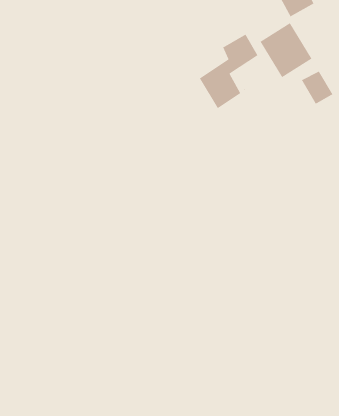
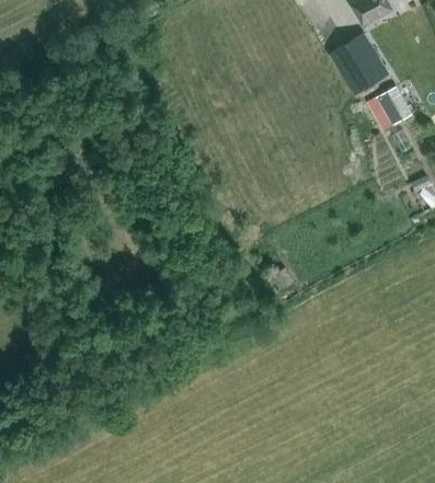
building: [199,33,258,109] -> none

